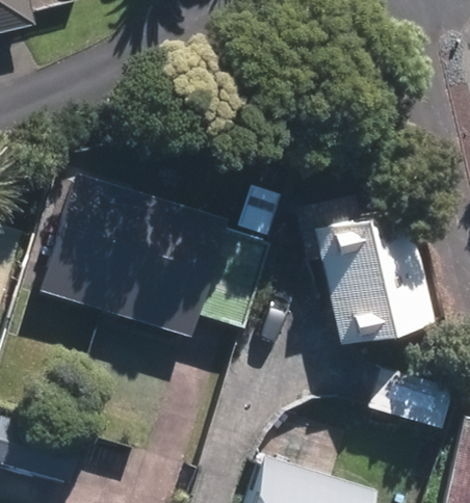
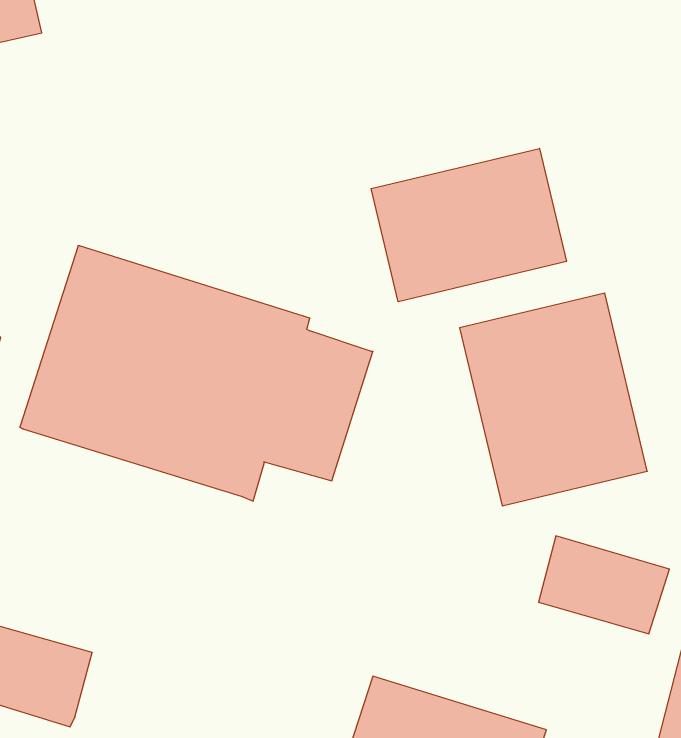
building: none -> [371,148,567,302]

